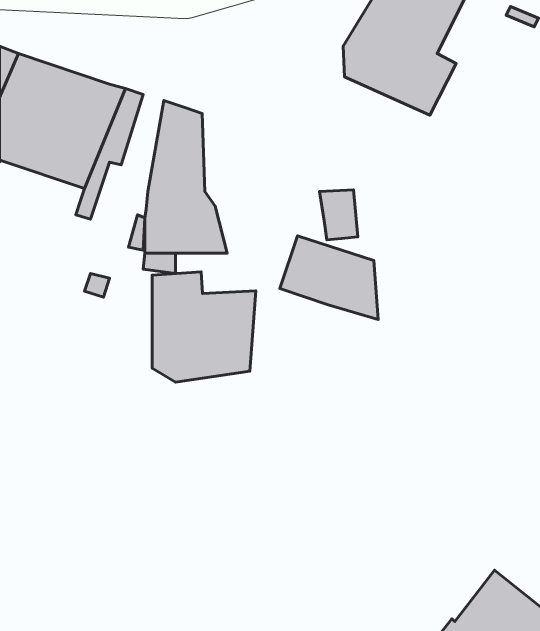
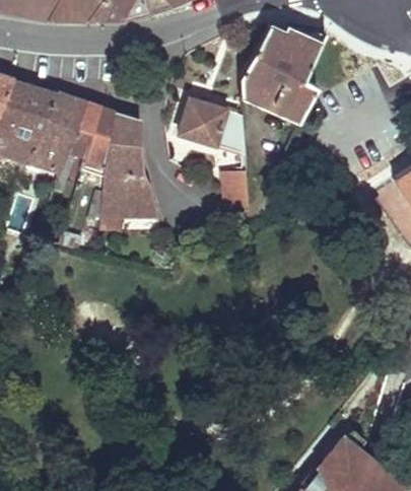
building: none -> [82,108,115,174]
building: [280,236,378,319] -> [177,97,245,155]
building: [152,272,256,382] -> none

